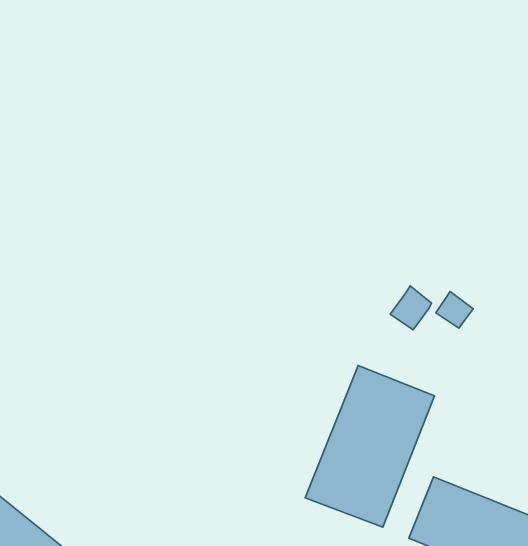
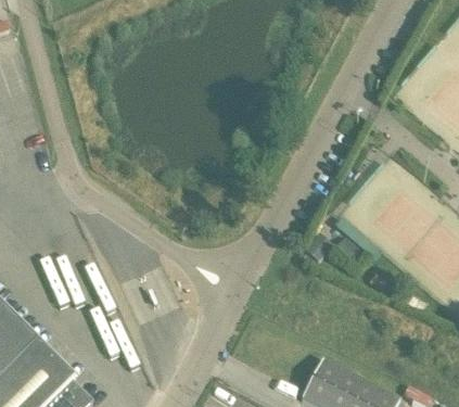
building: [305,365,434,527] -> none

